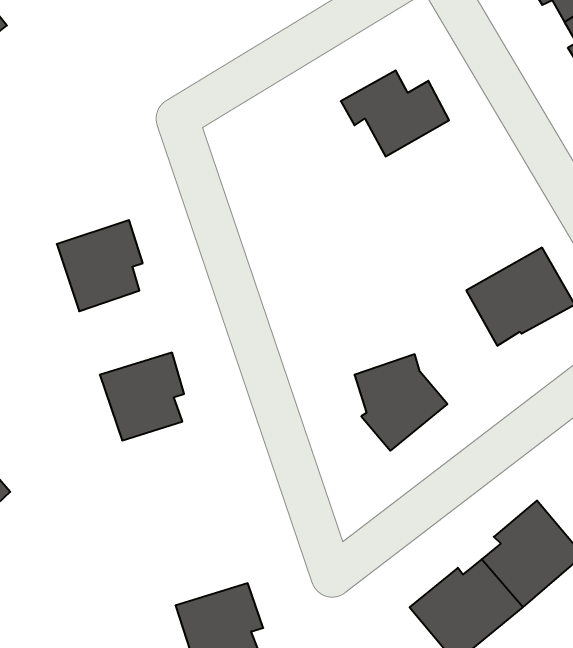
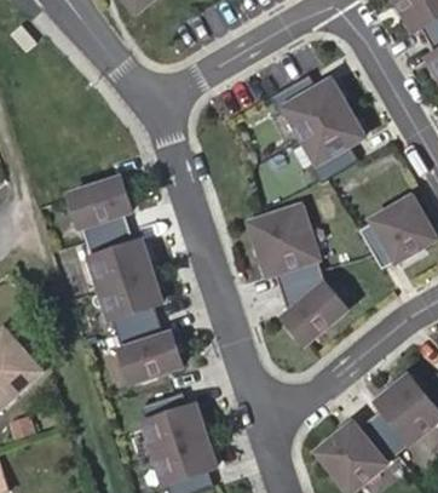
building: none -> [301,109,362,180]
building: none -> [250,206,322,288]
building: none -> [86,229,151,288]
building: none -> [116,321,181,380]
building: none -> [139,392,204,451]

